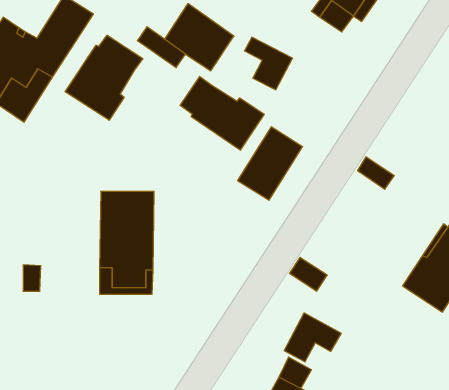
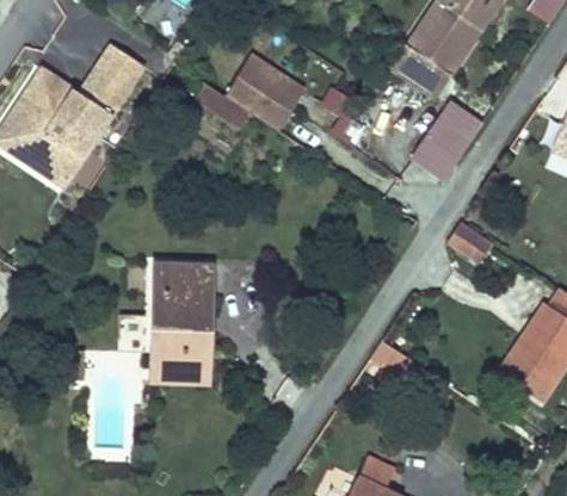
building: [65,35,143,120] -> none
building: [180,76,264,150] -> none
building: [238,127,303,200] -> [407,99,481,182]
building: [284,313,341,362] -> none

